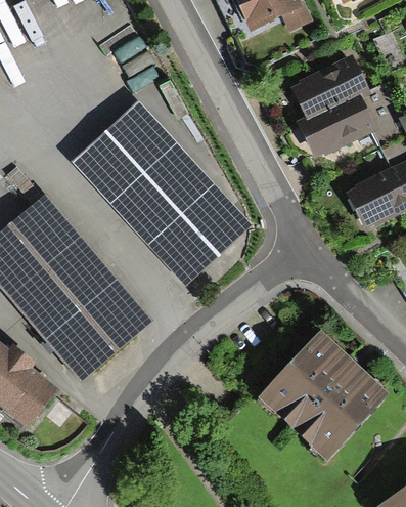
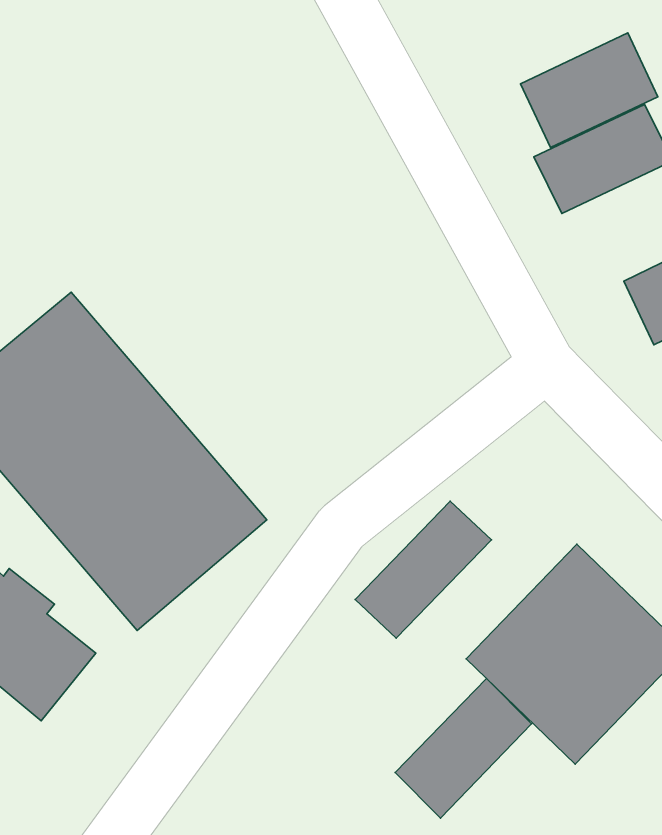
building: [77,103,242,273] -> none
building: none -> [355,501,491,638]
building: none -> [395,678,532,818]

